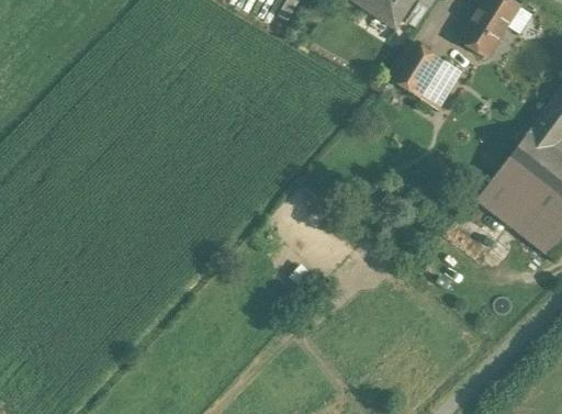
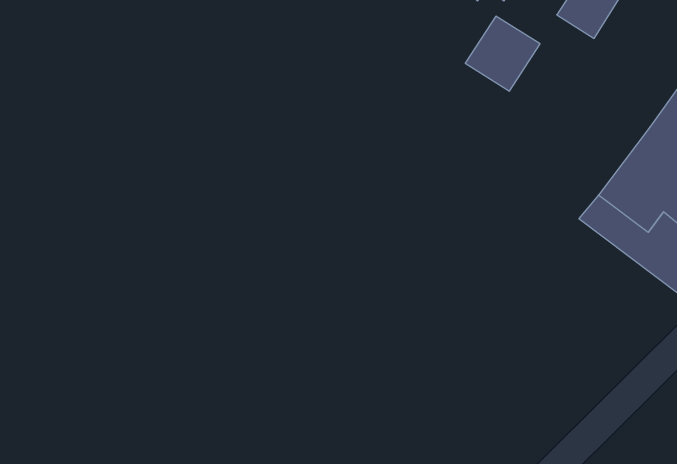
building: [422,61,460,109] -> none

